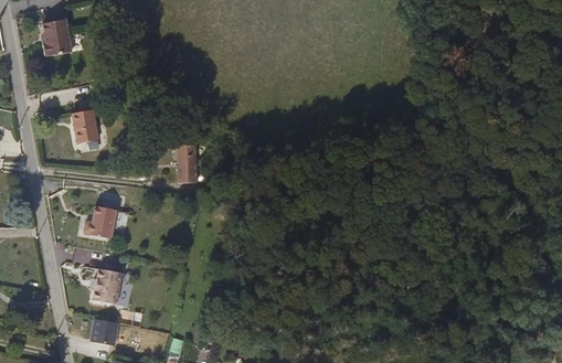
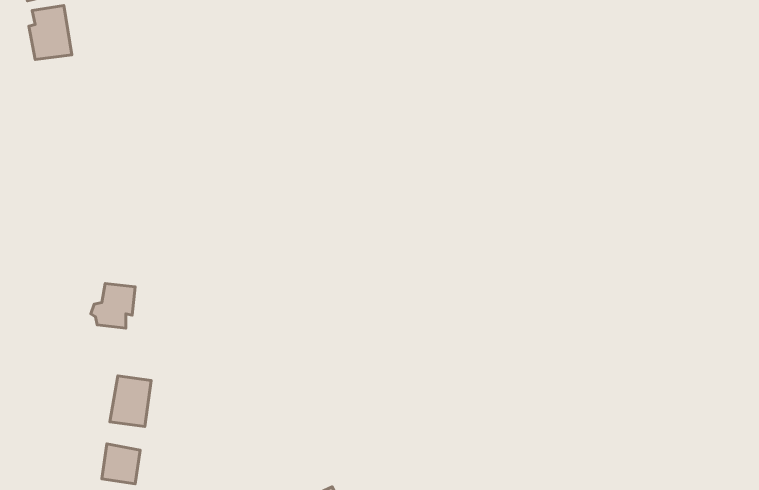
building: [73,109,99,146] -> none
building: [173,145,194,184] -> none

